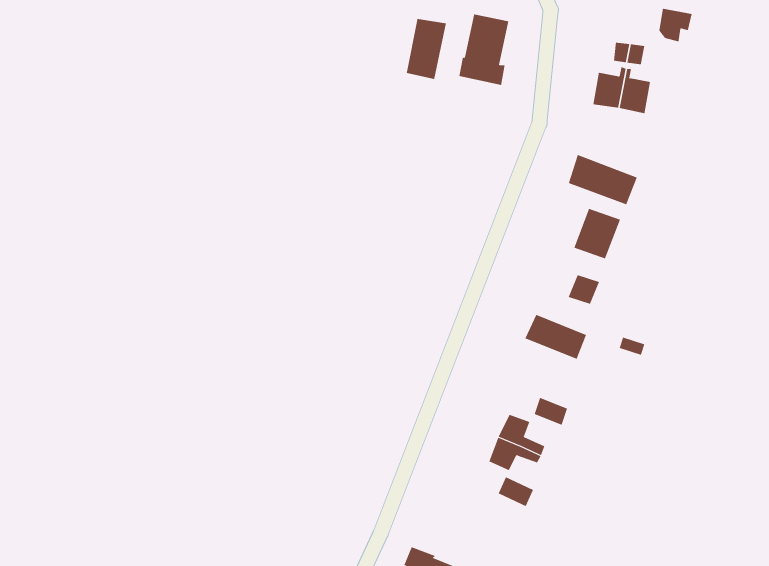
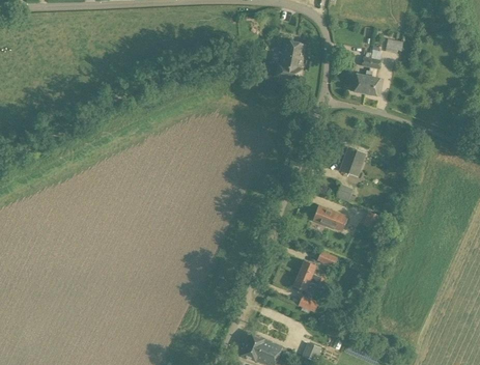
building: [406,18,446,80] -> none
building: [568,154,637,205] -> none

